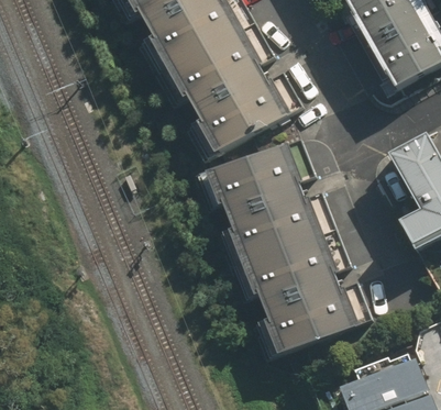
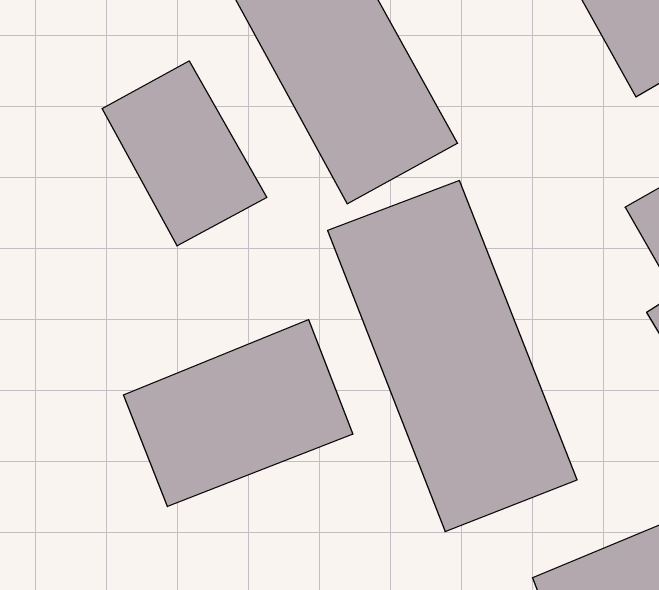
building: none -> [102,61,267,246]
building: none -> [124,320,353,507]

